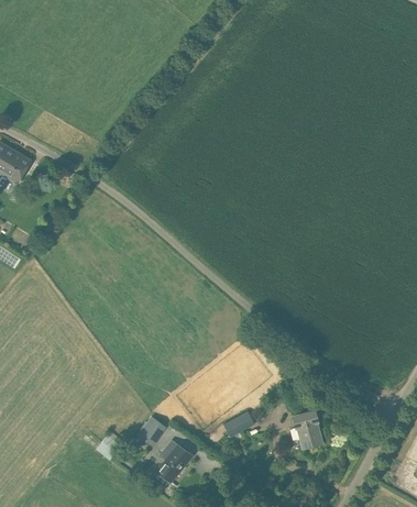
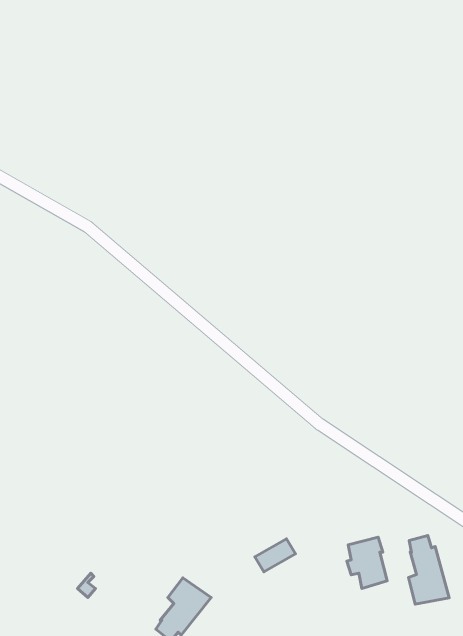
building: none -> [408,536,449,604]
building: [136,416,165,447] -> none

